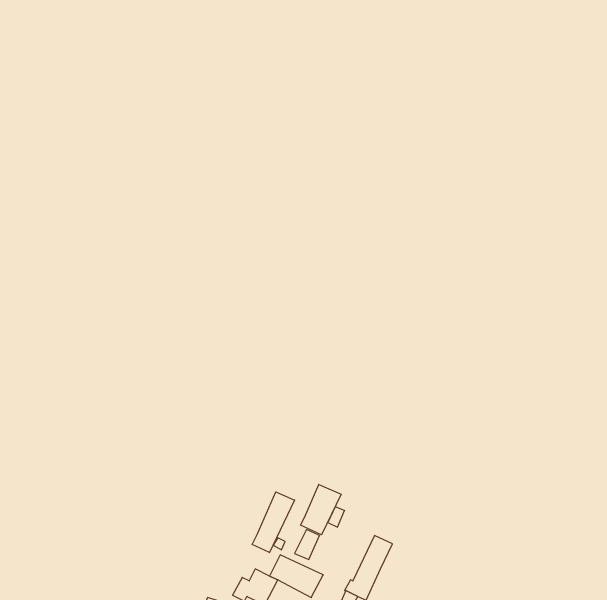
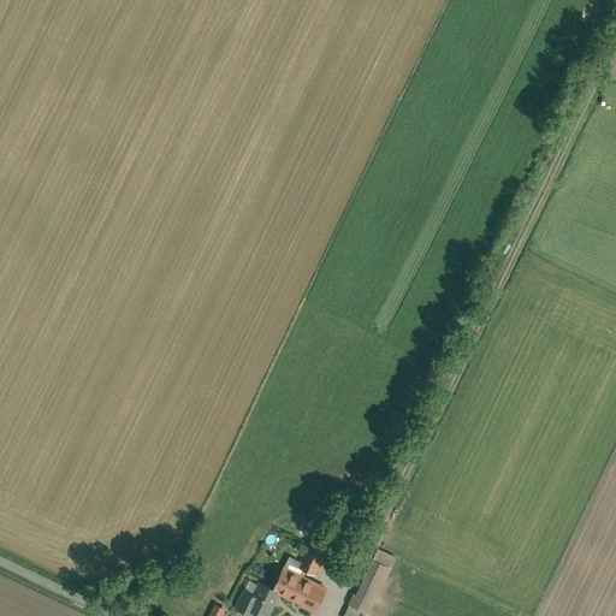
building: [301,484,341,535] -> none
building: [252,492,295,553] -> none

